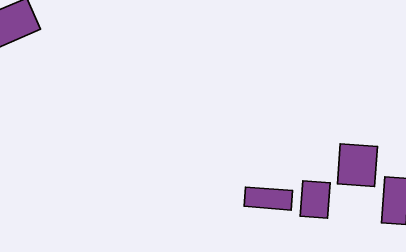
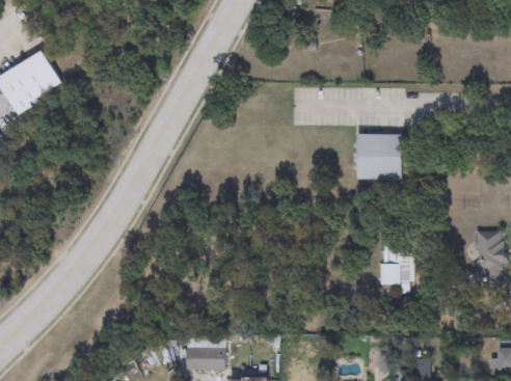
building: [337,144,377,186] -> [356,134,400,181]
building: [244,187,293,210] -> none

